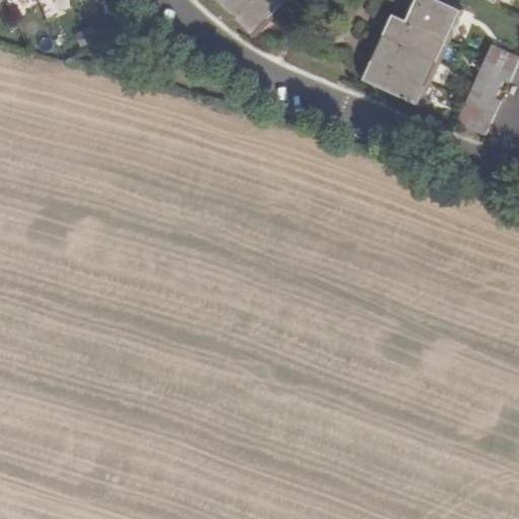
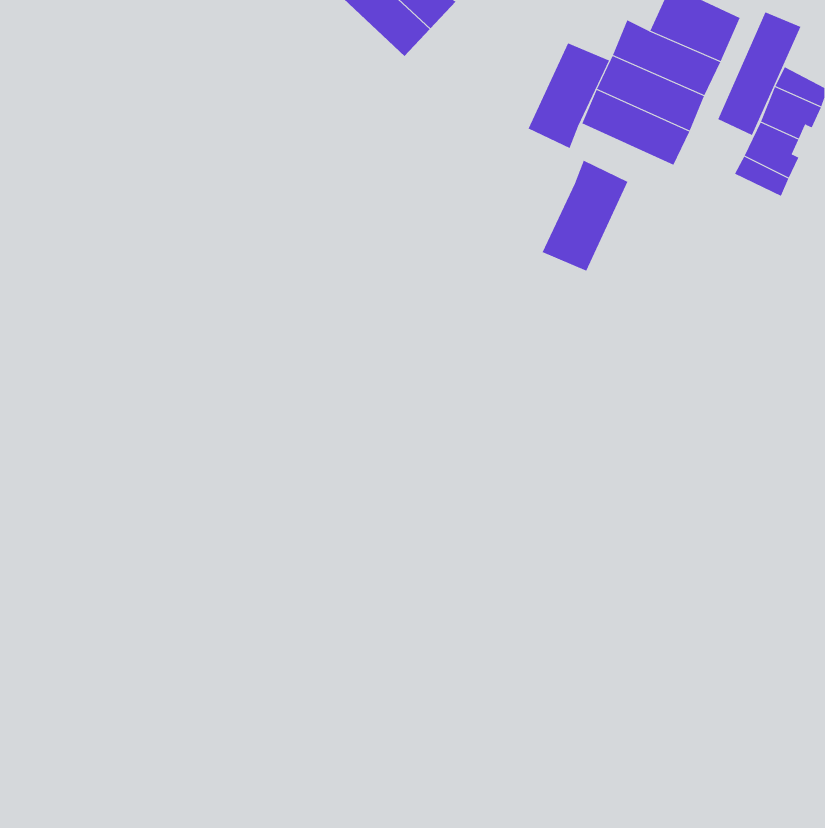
building: none -> [717,12,801,136]
building: none -> [528,42,610,149]
building: none -> [542,160,628,272]

